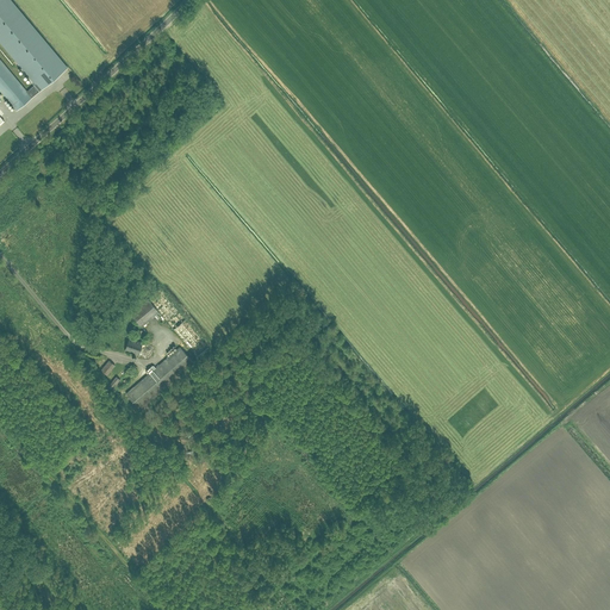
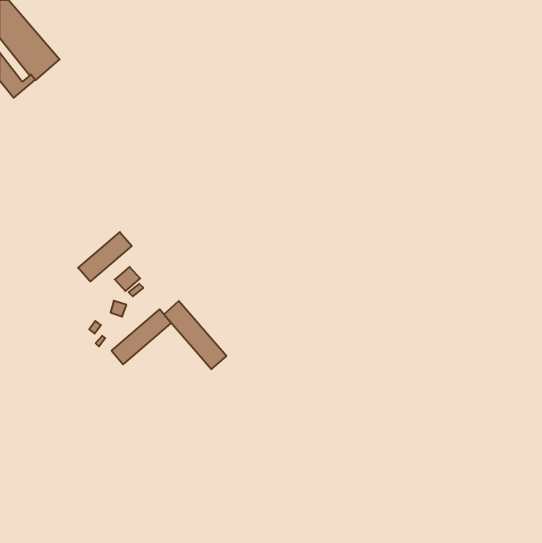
building: none -> [78,232,132,281]
building: none -> [164,301,226,369]

